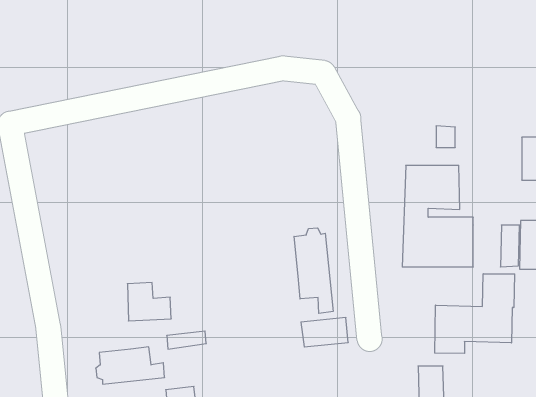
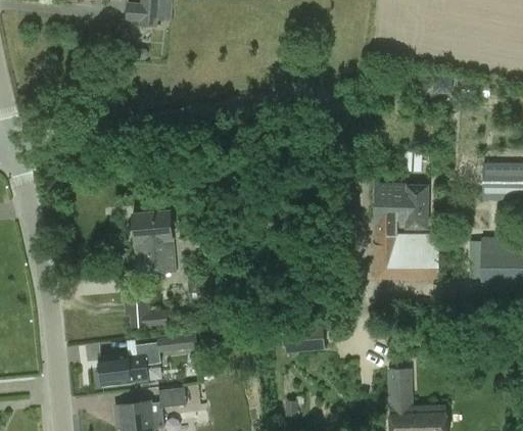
building: none -> [133,209,176,274]
building: [294,228,333,313] -> none
building: [435,274,515,353] -> none

